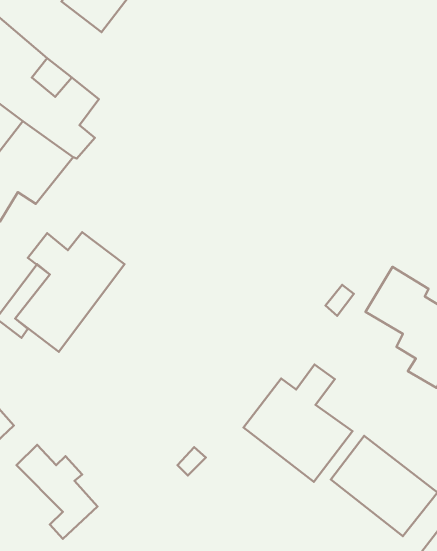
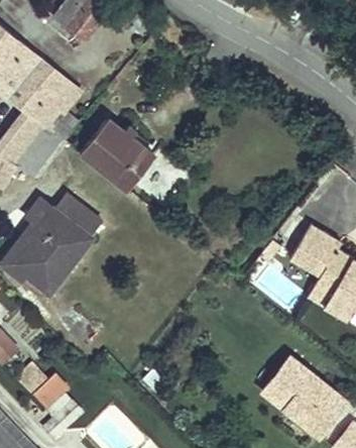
building: none -> [81,119,155,191]
building: [243,364,353,482] -> none

